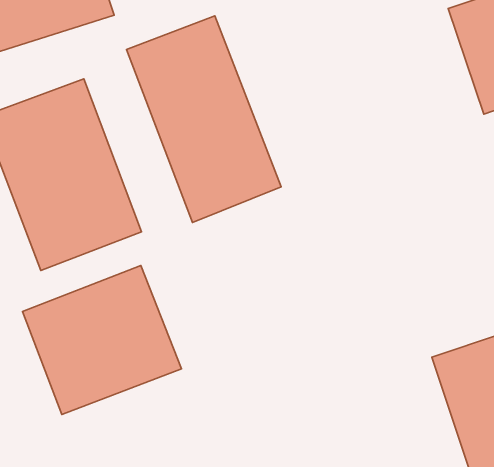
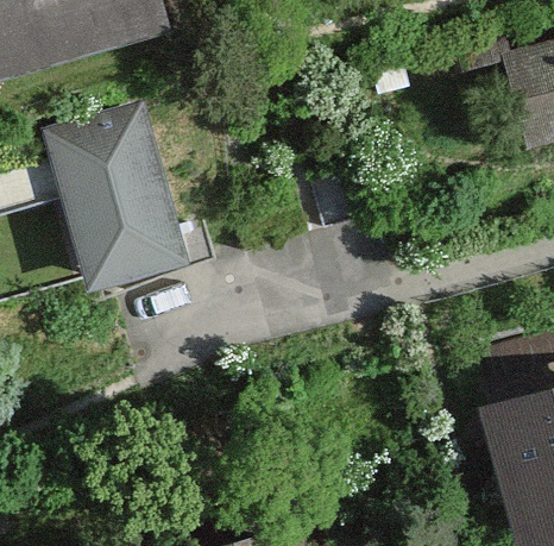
building: [126,16,281,222] -> none
building: [23,265,182,414] -> none

